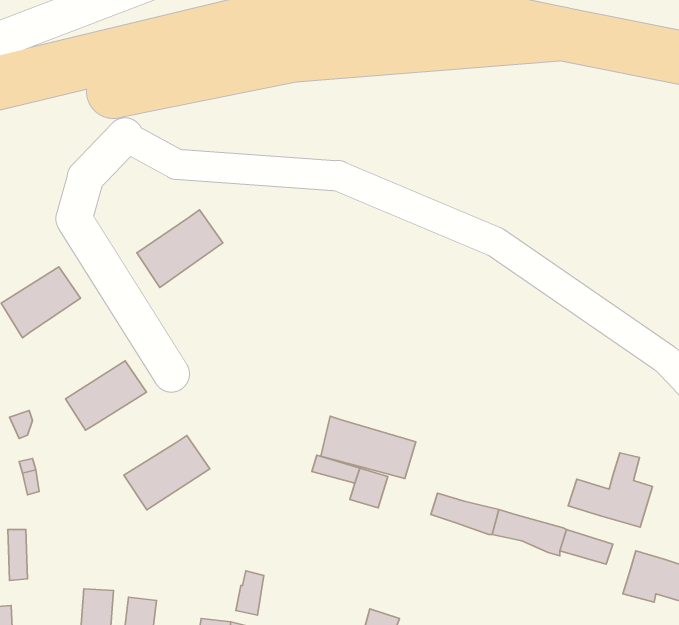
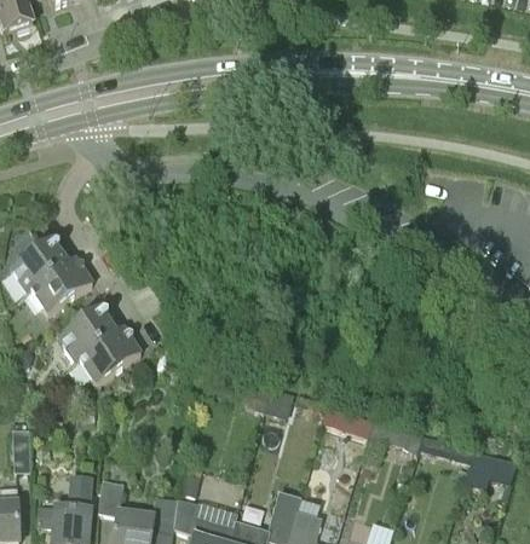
building: [137,210,223,288] -> [30,256,93,313]
building: [321,416,416,479] -> none
building: [124,436,210,510] -> [77,326,140,381]
building: [568,453,653,527] -> none

